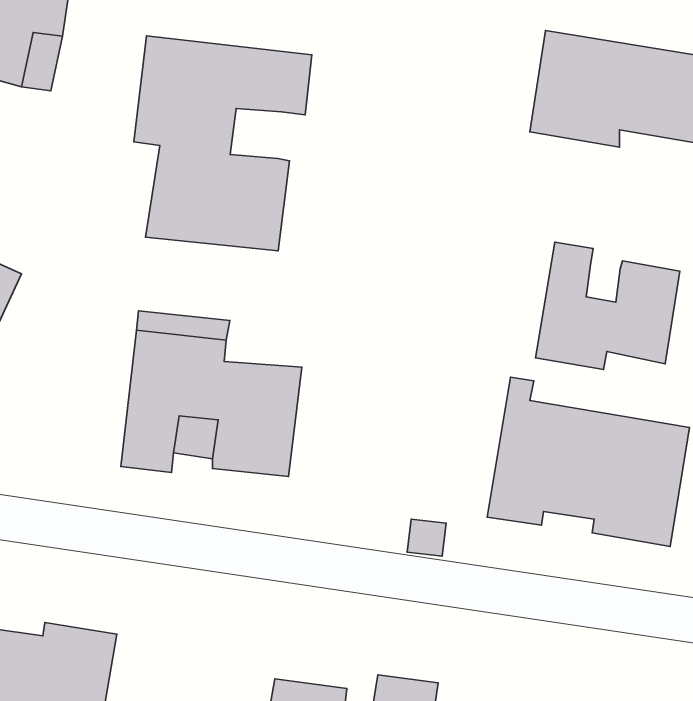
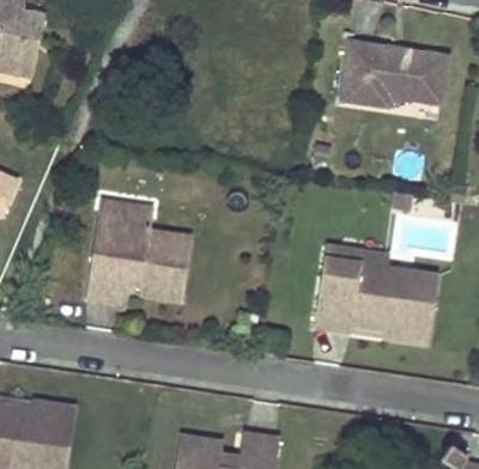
building: [134,36,312,251] -> none
building: [536,242,680,370] -> none

